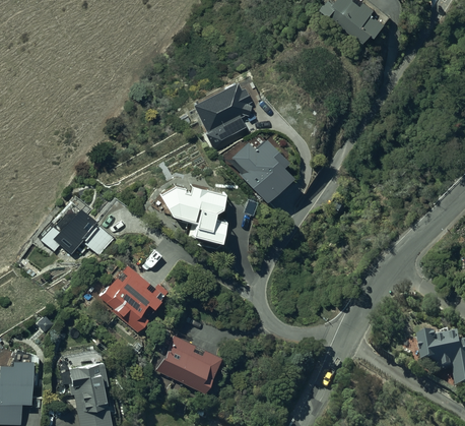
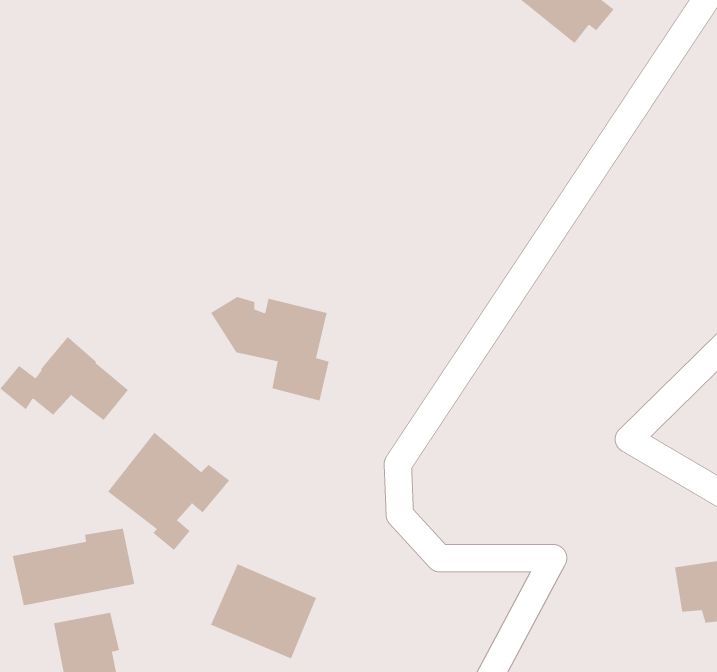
building: [193,84,252,156] -> none
building: [231,140,290,201] -> none
building: none -> [12,528,135,606]

